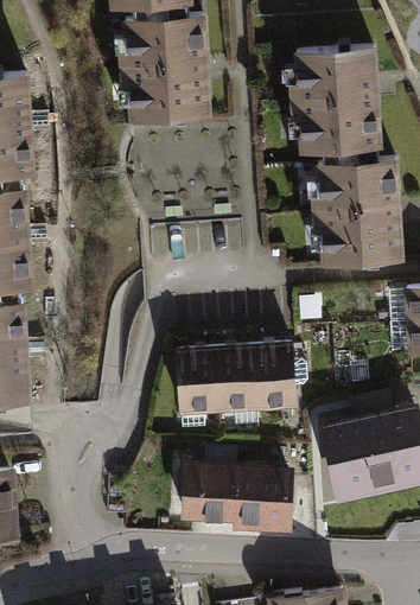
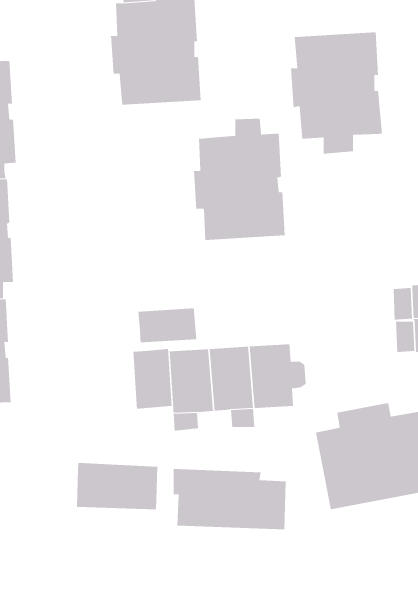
building: [314,145,402,261] -> [193,118,286,240]
building: none -> [138,308,197,343]
building: none -> [133,348,172,410]
building: none -> [76,462,158,510]

